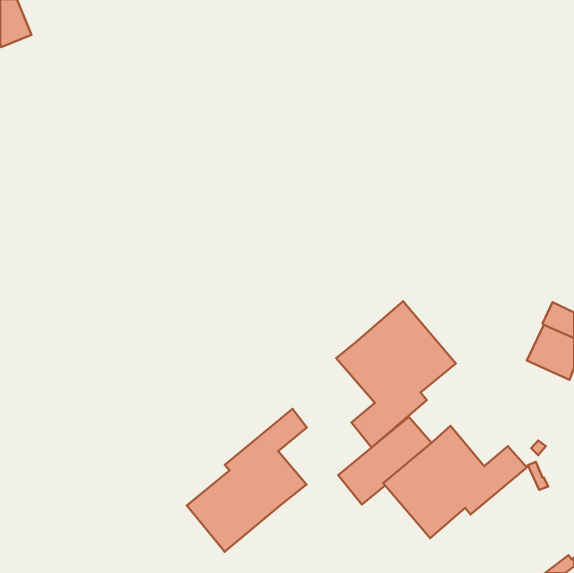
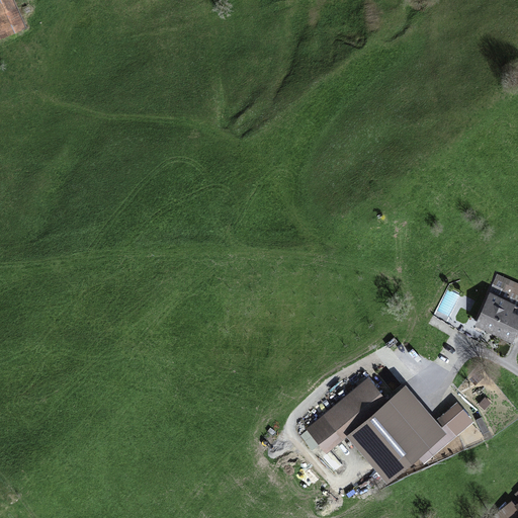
building: [336,301,456,448] -> none
building: [187,409,307,552] -> none

